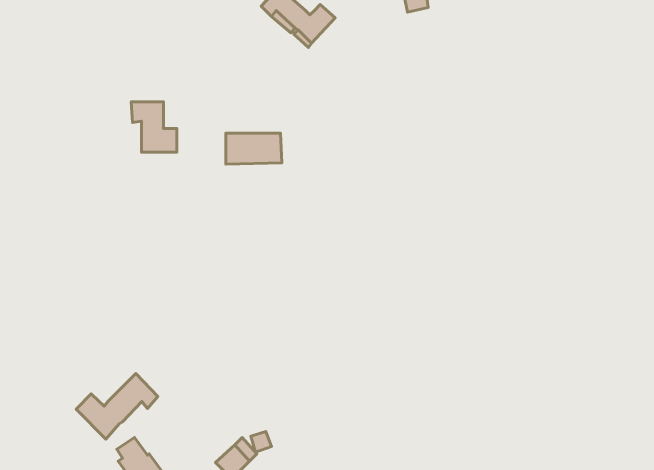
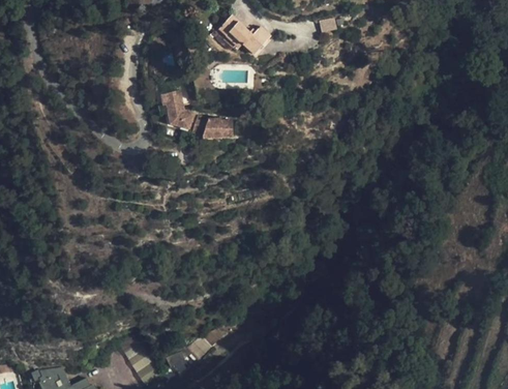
building: [131,102,177,152] -> [160,92,192,127]
building: [76,374,158,439] -> none

